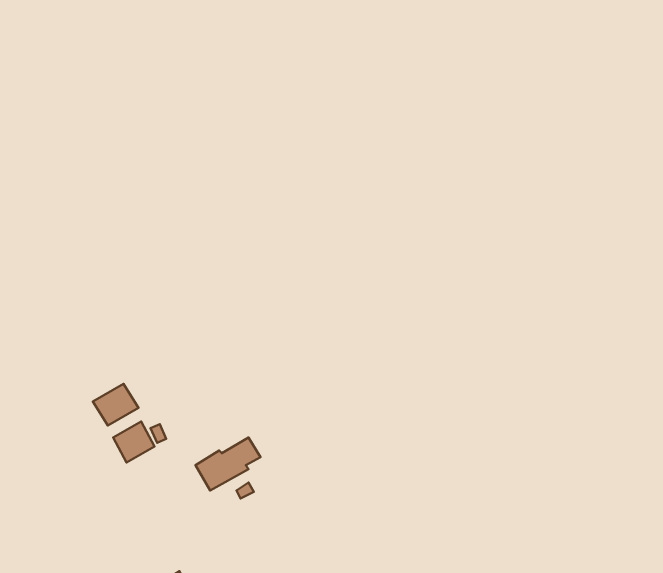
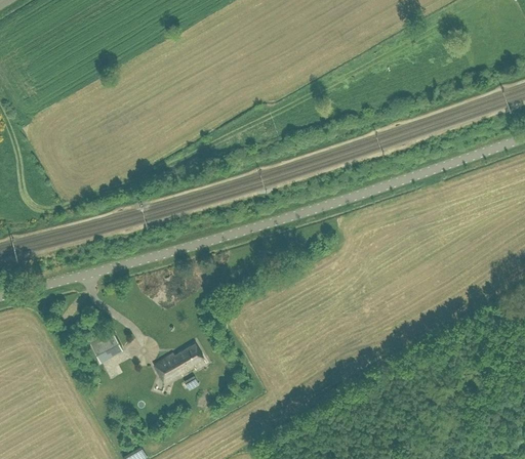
building: [93,384,138,425] -> none

